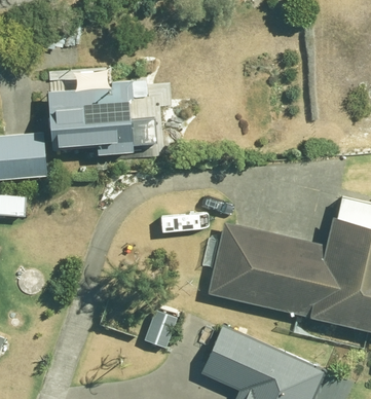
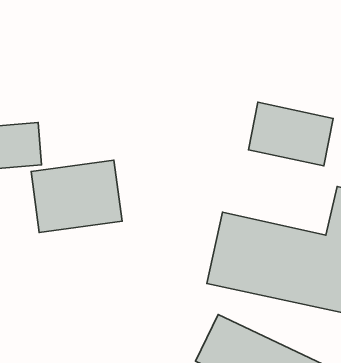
building: [48,81,139,153] -> [31,160,122,232]
building: none -> [248,102,333,166]

